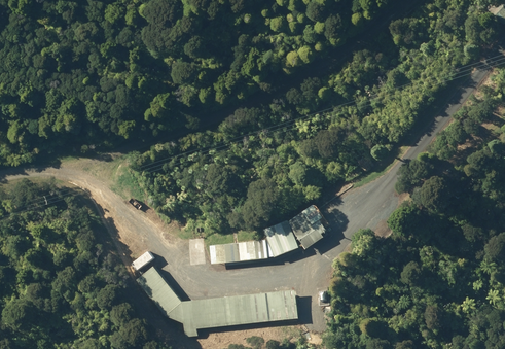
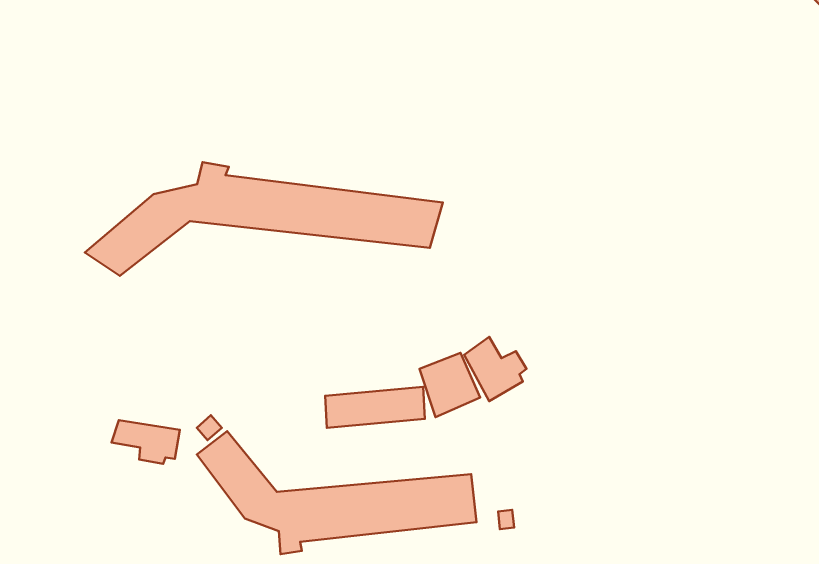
building: none -> [85,162,443,276]
building: none -> [112,420,180,464]

